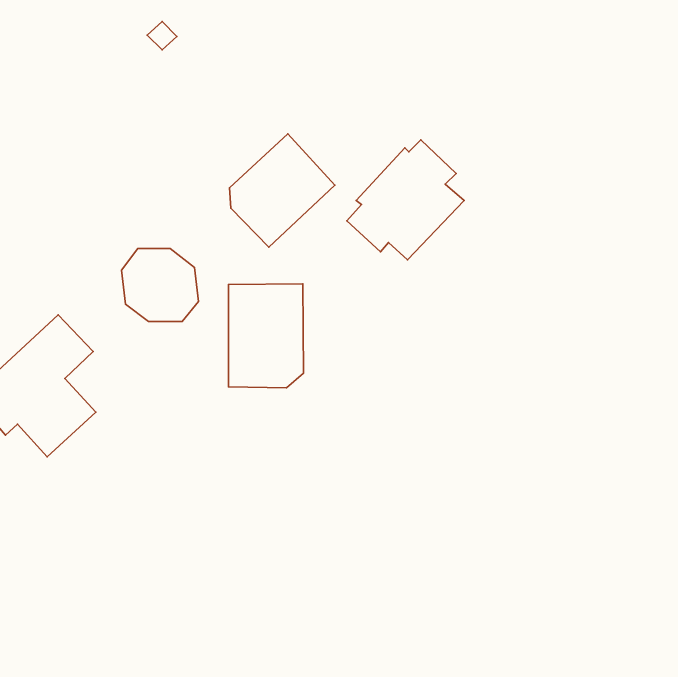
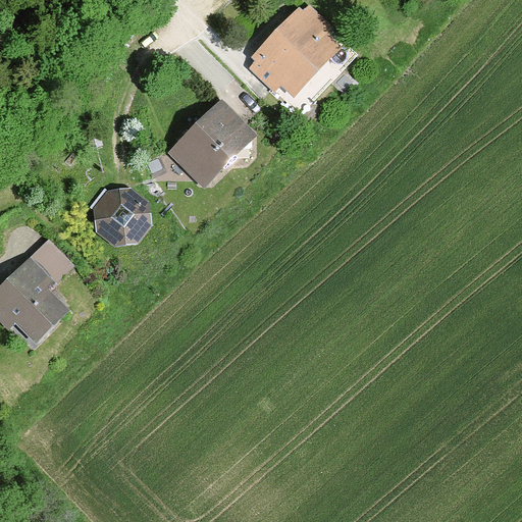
building: [347,140,464,260] -> [249,5,337,96]
building: [229,284,303,388] -> none

